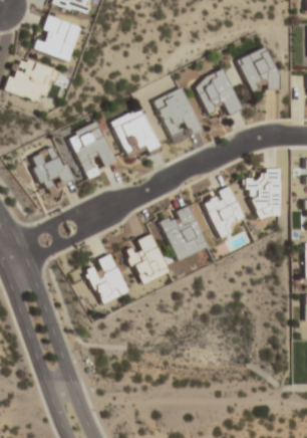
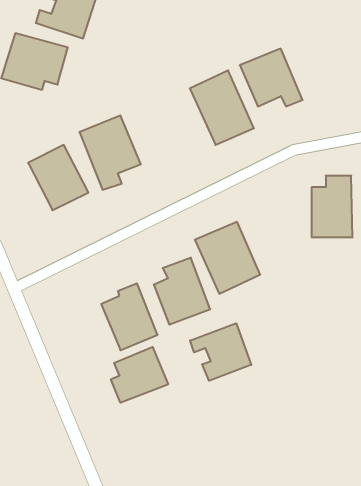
building: [237,46,282,91] -> none
building: [111,106,161,163] -> none
building: [201,185,244,238] -> none
building: none -> [190,323,251,381]
building: none -> [111,347,168,403]

